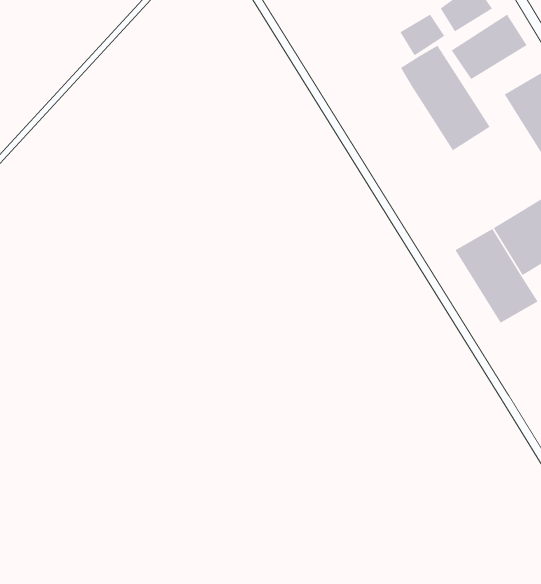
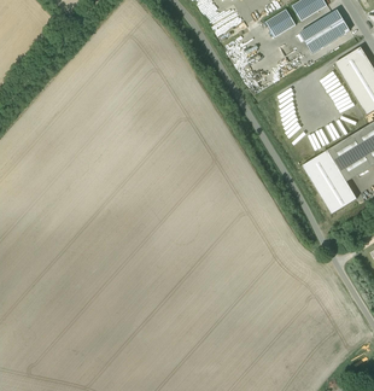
building: [400,45,491,151] -> none

